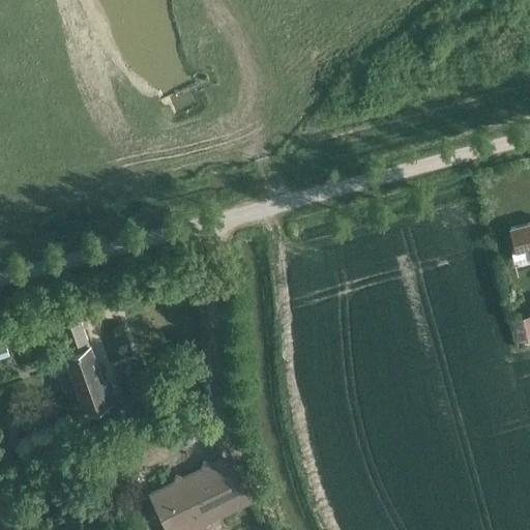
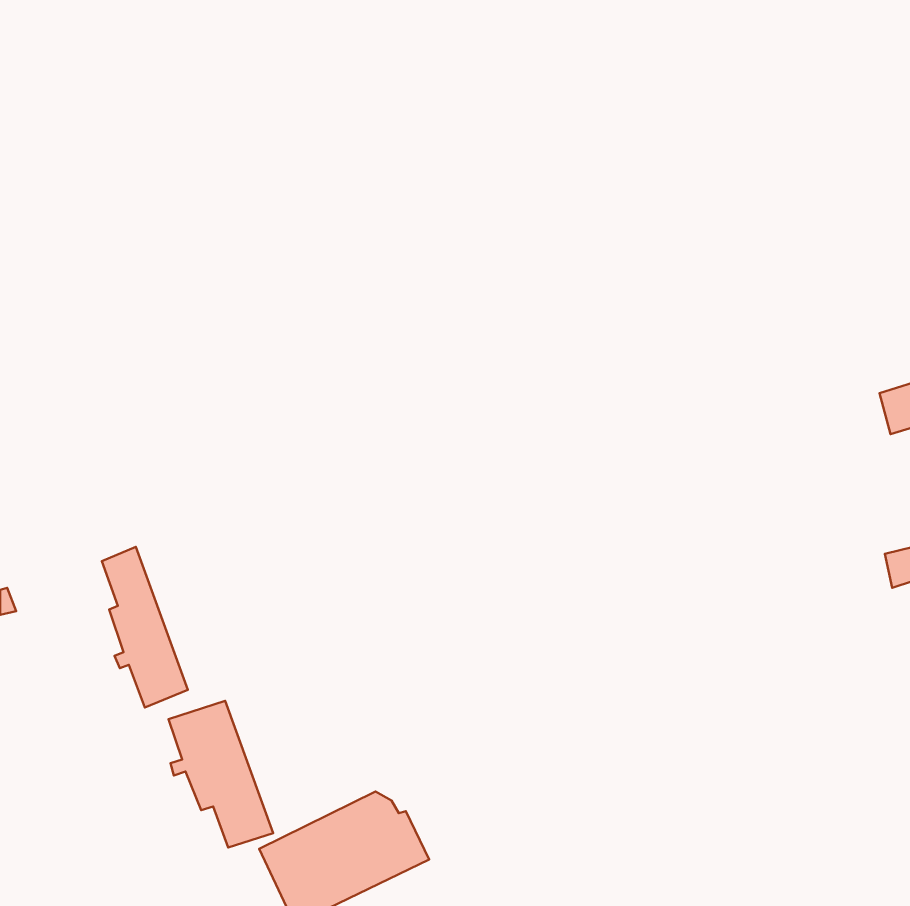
building: none -> [168,701,273,848]

